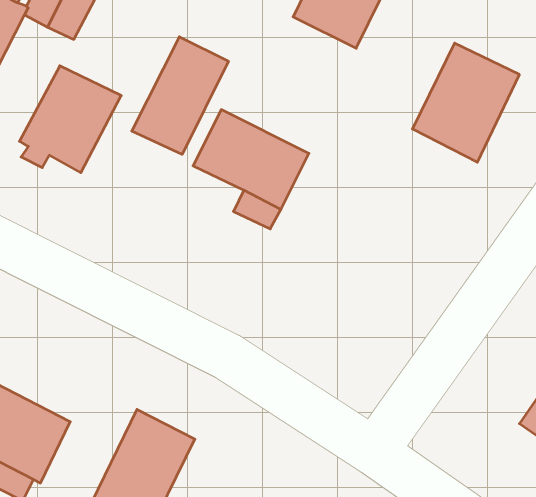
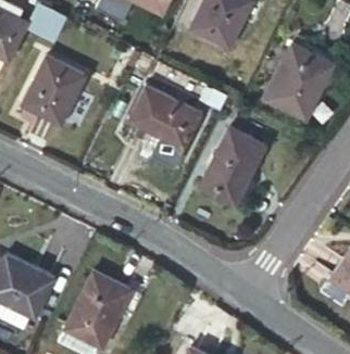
building: [132,37,228,154] -> none
building: none -> [199,128,265,206]

